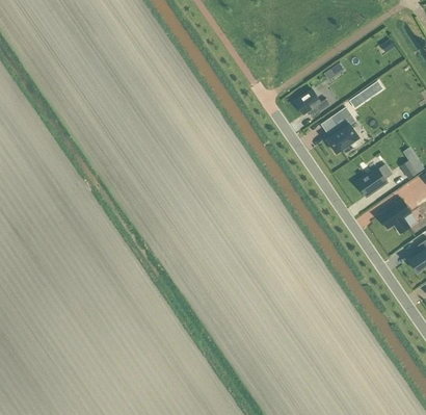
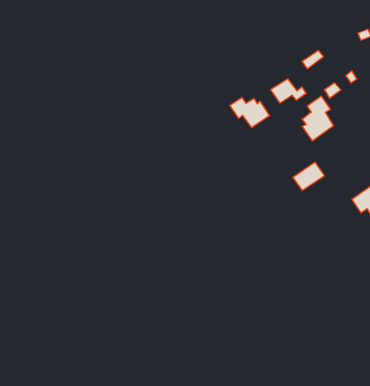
building: none -> [230,97,270,128]
building: [356,165,389,194] -> [293,162,324,191]

